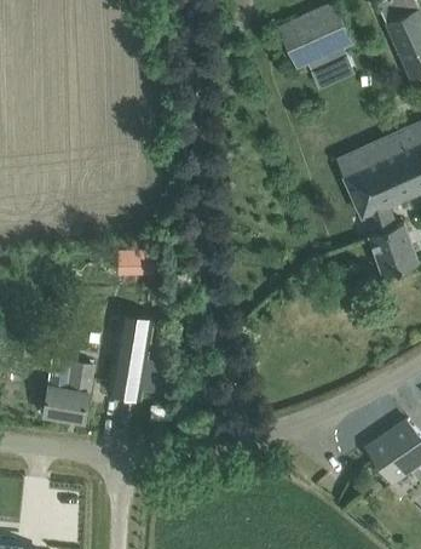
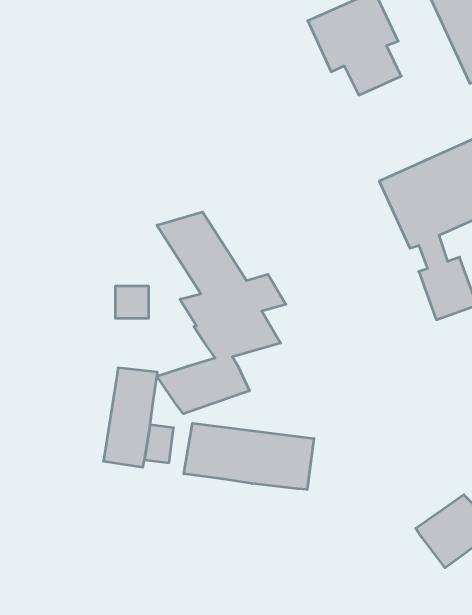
building: none -> [157,212,286,414]
building: [44,359,94,423] -> none
building: none -> [184,423,314,490]

